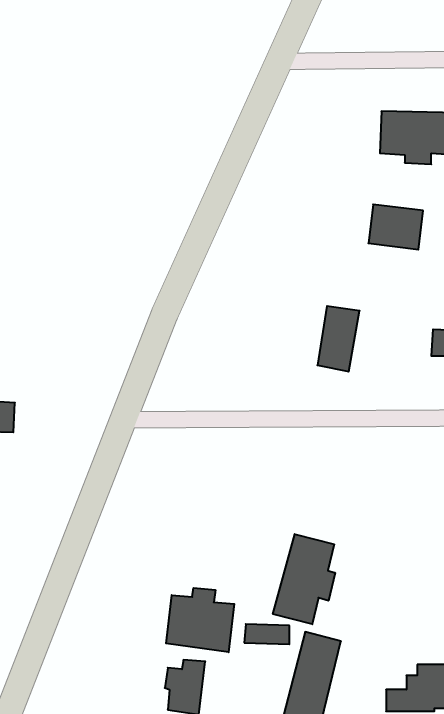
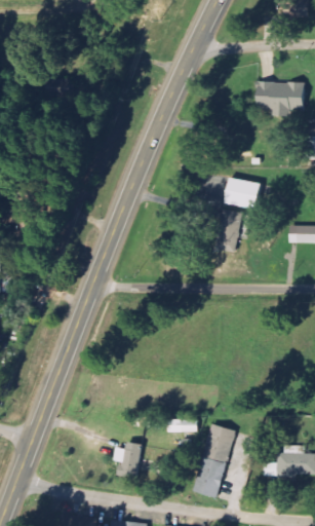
building: [368,204,423,250] -> [228,179,264,209]
building: [273,534,335,624] -> none
building: [166,588,234,652] -> none

